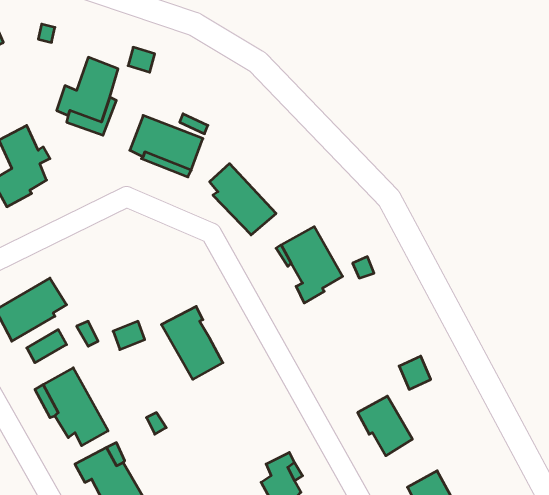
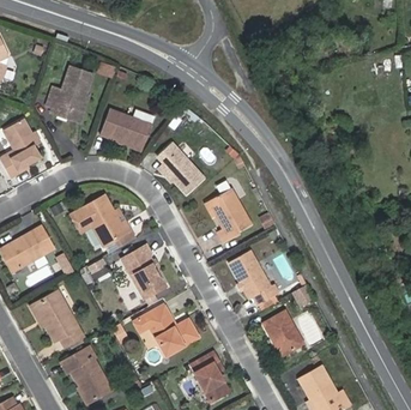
building: none -> [71,194,131,245]
building: none -> [228,252,278,305]
building: none -> [134,305,199,356]

